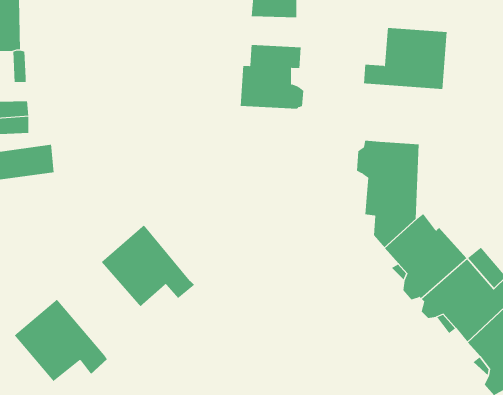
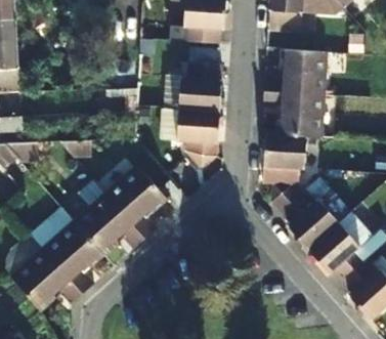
building: none -> [265,90,326,135]
building: none -> [176,107,223,169]
building: none -> [108,169,164,237]
building: none -> [44,220,104,291]

